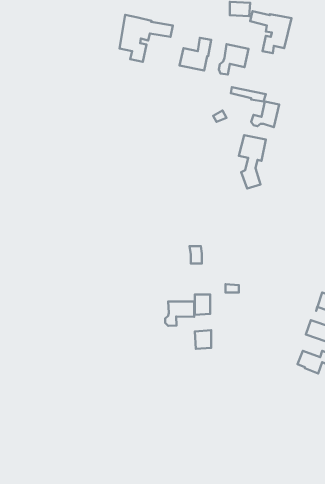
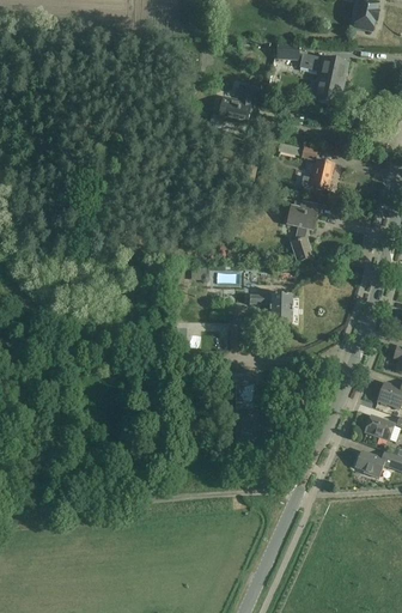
building: [120,15,173,62] -> none
building: [219,44,248,74] -> none
building: none -> [249,295,292,323]
building: [165,302,194,326] -> none

